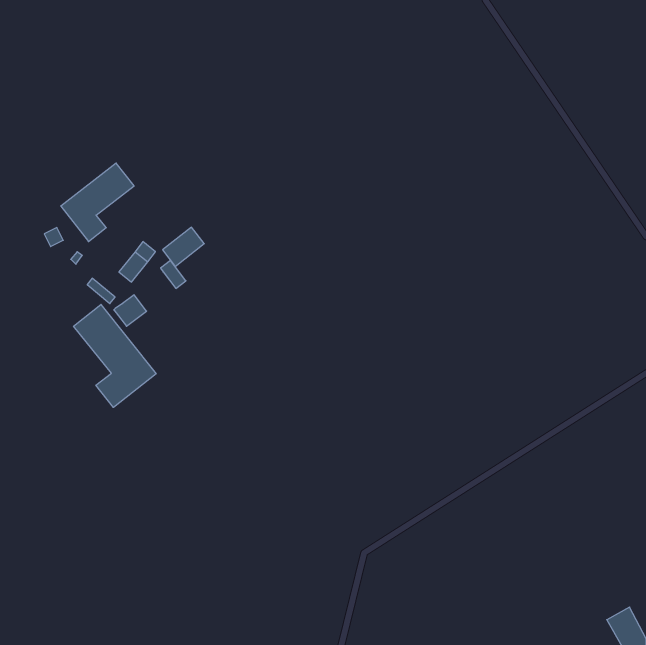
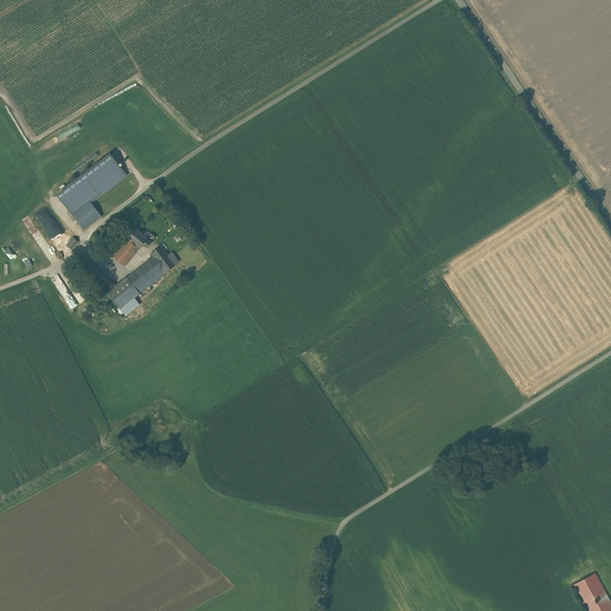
building: [163,227,204,266] -> [126,258,166,295]
building: [74,304,156,407] -> none

